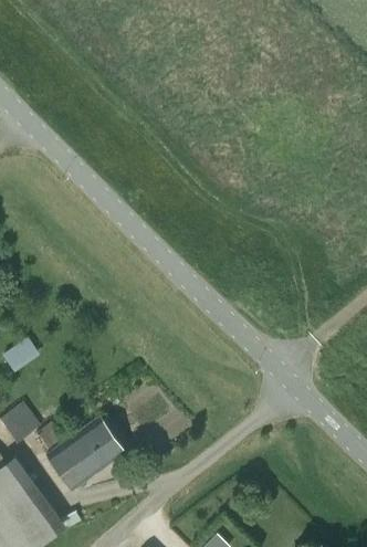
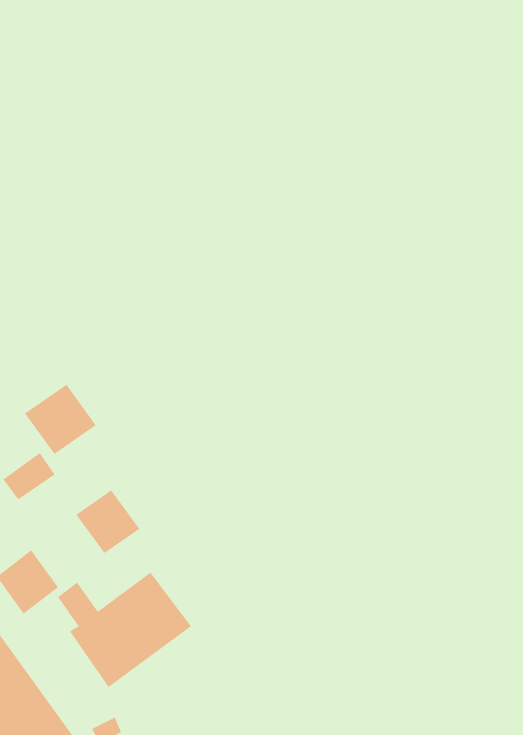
building: none -> [24,384,97,455]
building: none -> [76,490,140,554]

